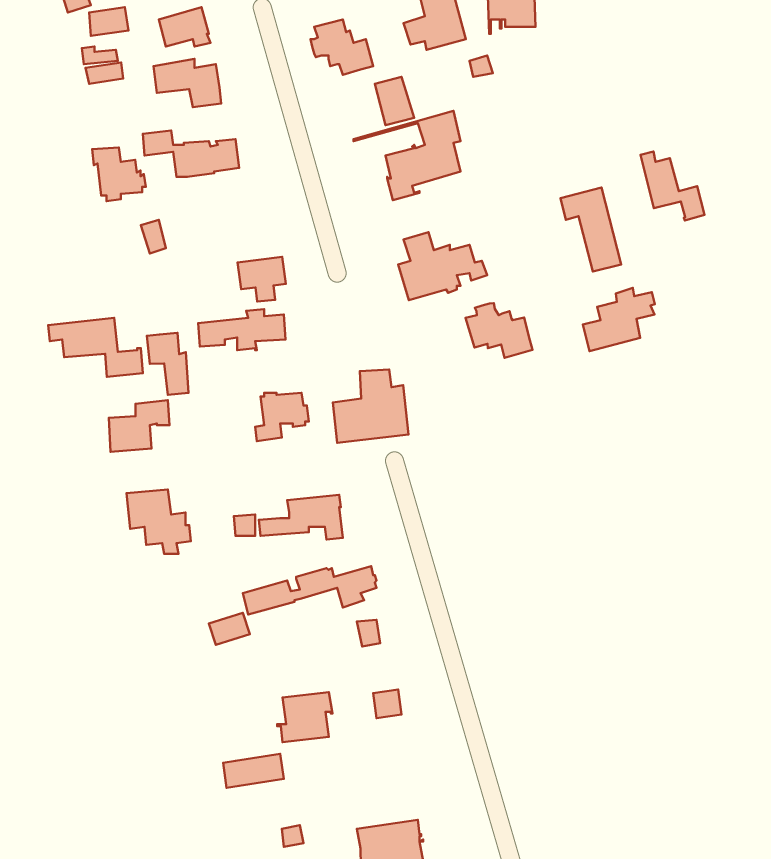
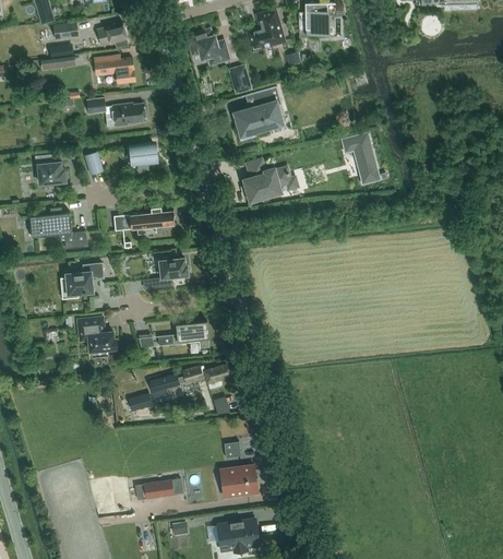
building: [92,147,146,201] -> [35,155,68,188]
building: [641,152,704,221] -> none
building: [238,257,286,302] -> [127,144,156,171]
building: [583,288,655,351] -> none
building: [465,303,532,358] -> none
building: [147,333,189,395] -> none
building: [333,369,409,443] -> none
building: [277,692,333,742] -> [223,466,256,497]

